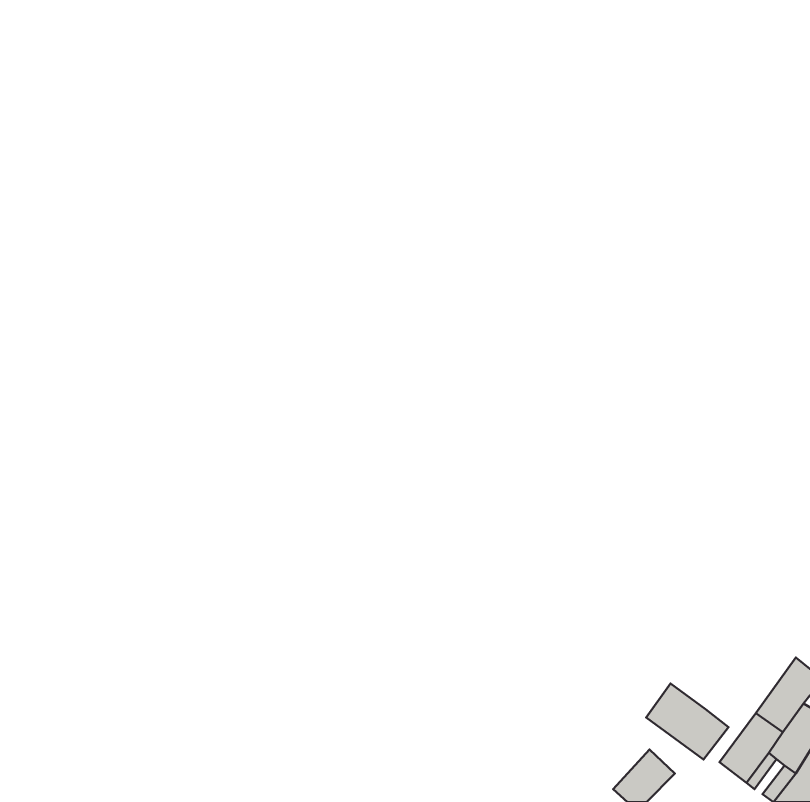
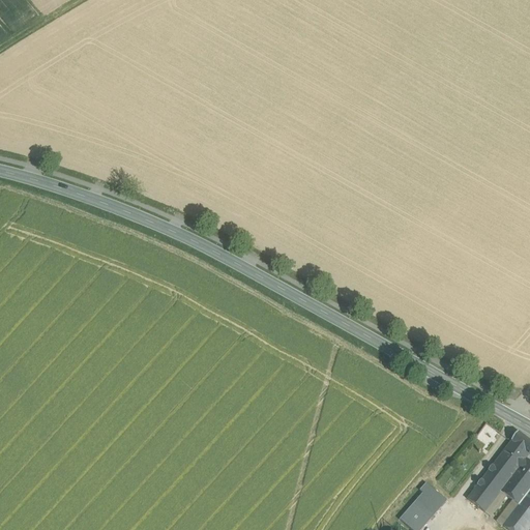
building: [646,683,728,759] -> none

